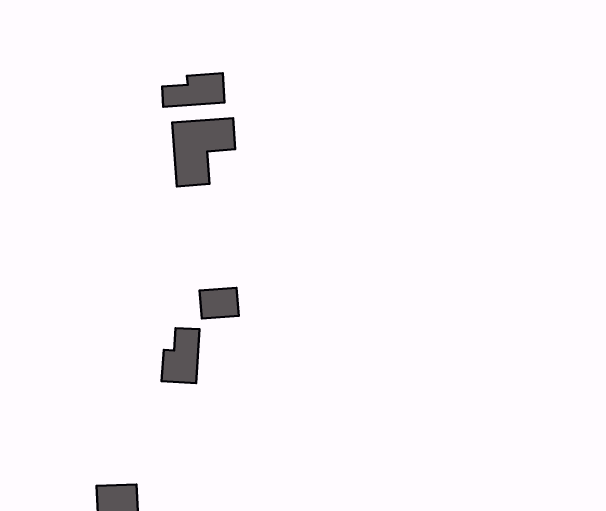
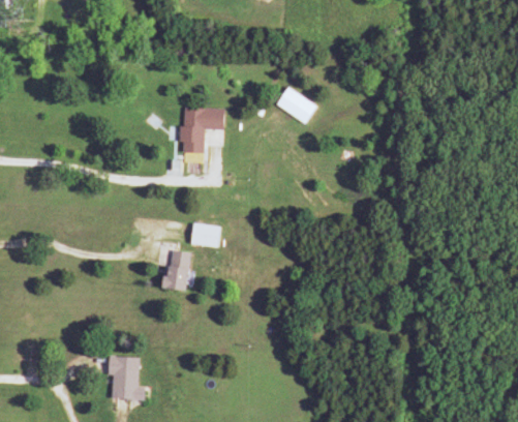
building: [162,73,225,107] -> none
building: none -> [276,87,317,124]

